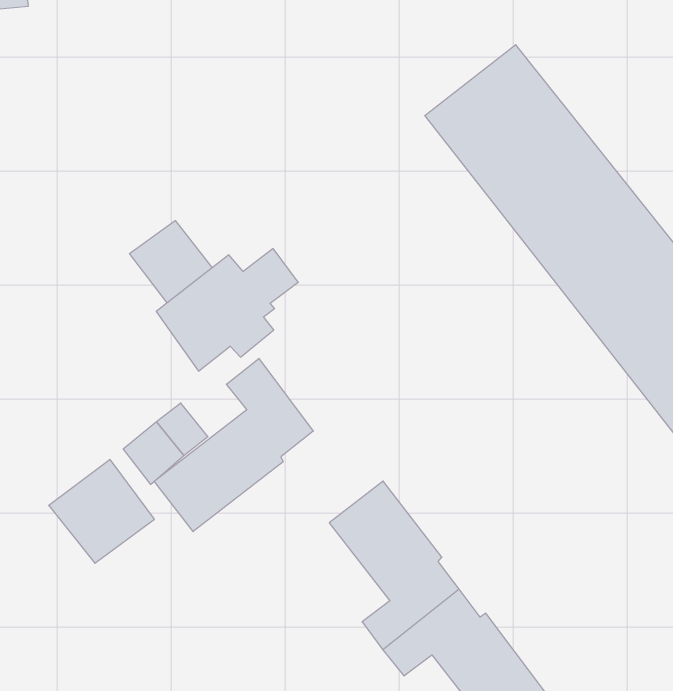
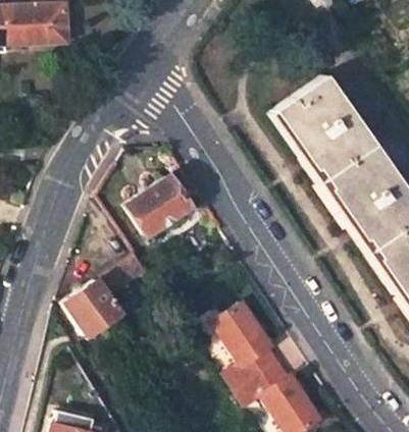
building: [129,221,212,303] -> none
building: [154,358,313,532] -> none

